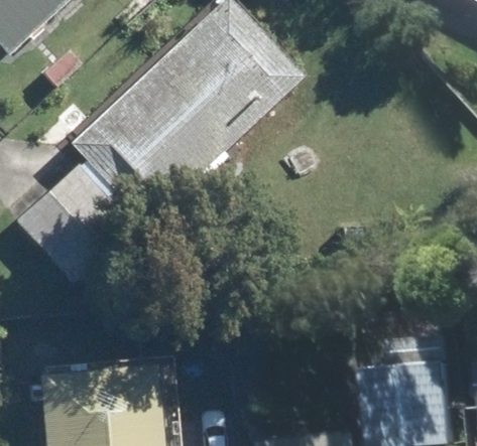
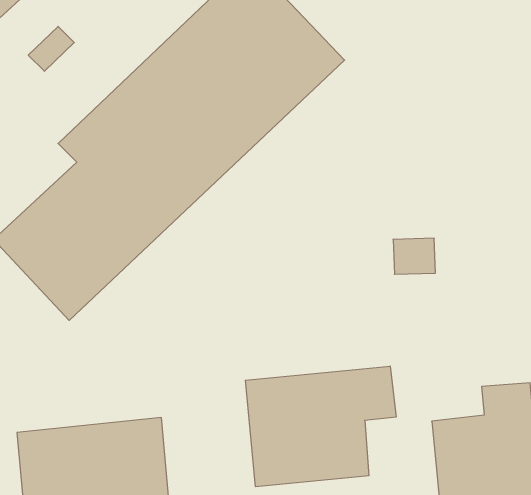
building: none -> [245,366,396,487]

